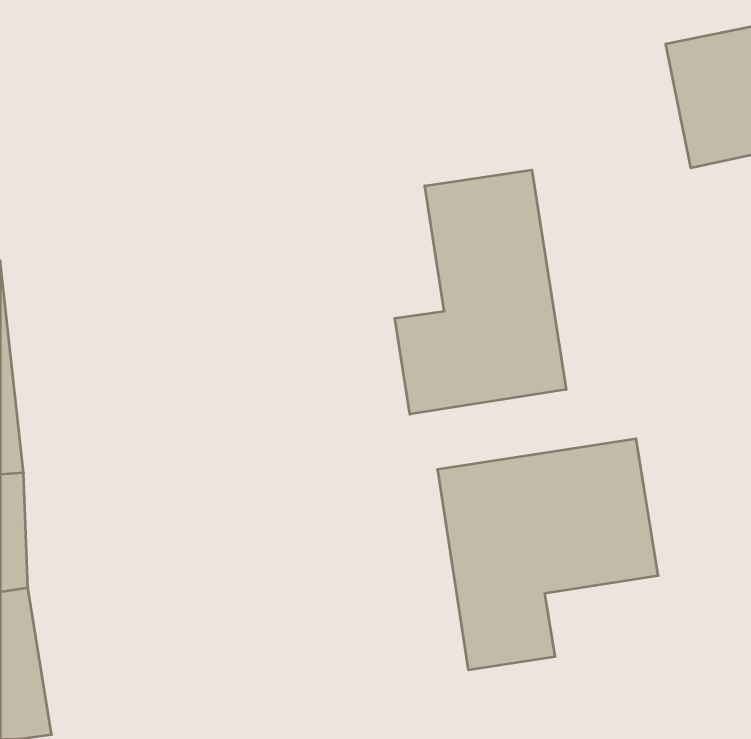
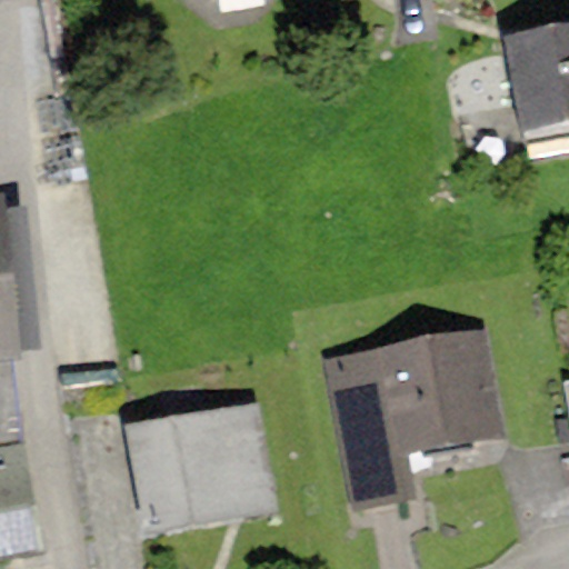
building: [395,170,566,414] -> none
building: none -> [126,402,272,535]

